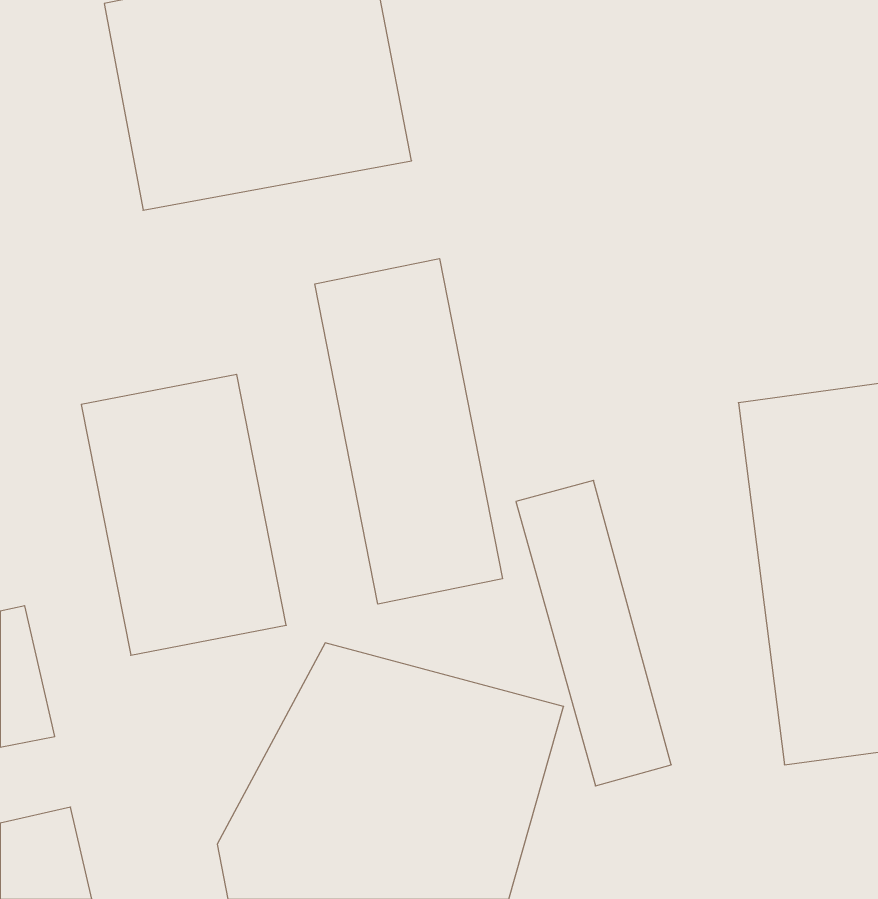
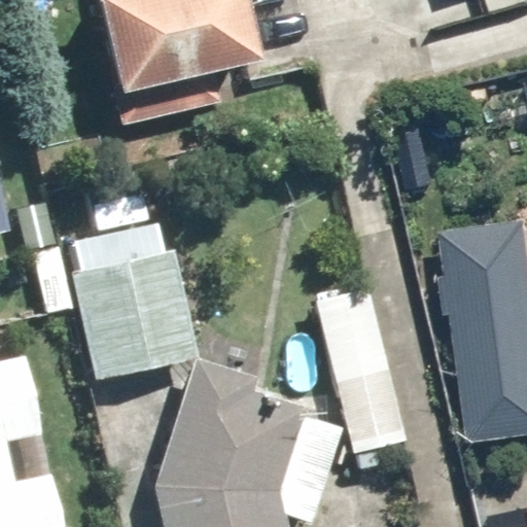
building: [315,259,502,604] -> none

